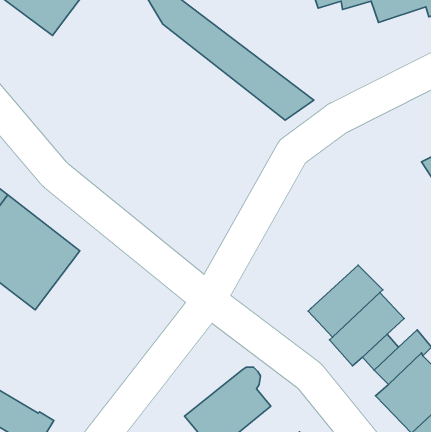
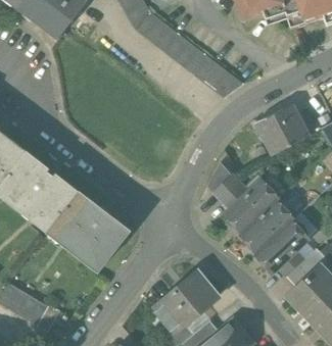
building: none -> [255,104,309,156]
building: none -> [208,161,279,232]
building: none -> [46,191,130,273]

